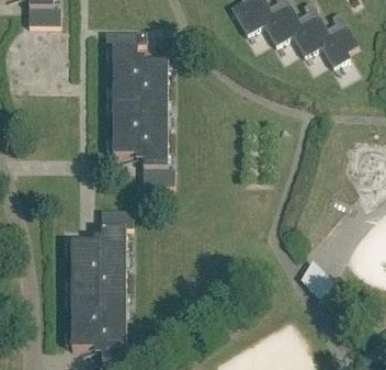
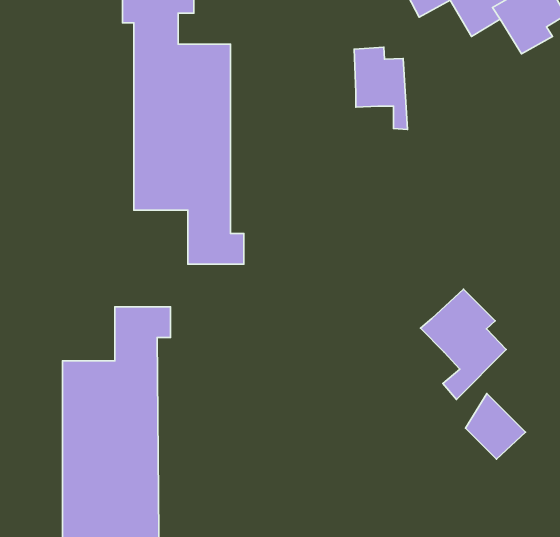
building: none -> [354,47,408,129]
building: none -> [421,289,506,399]

